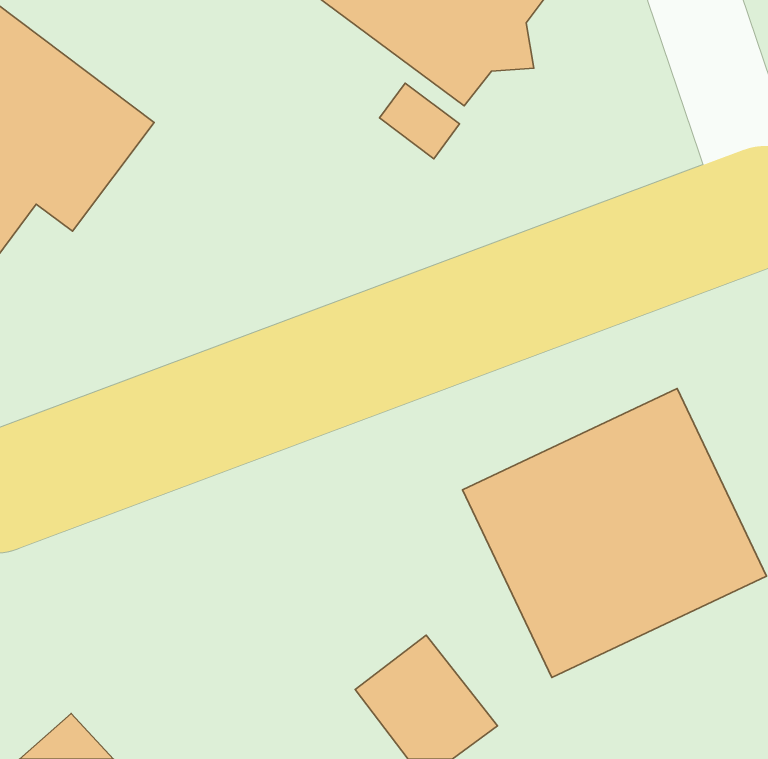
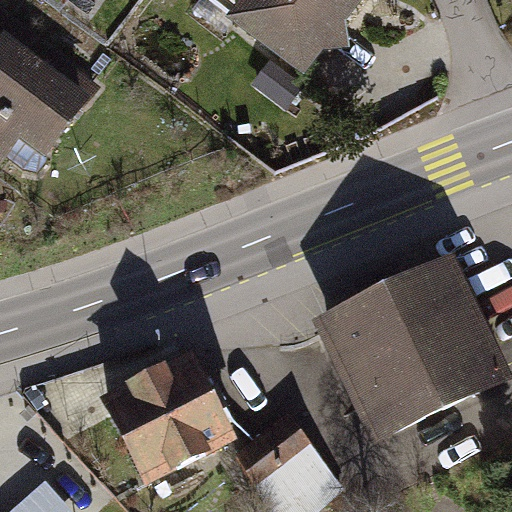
building: none -> [91,352,231,486]

